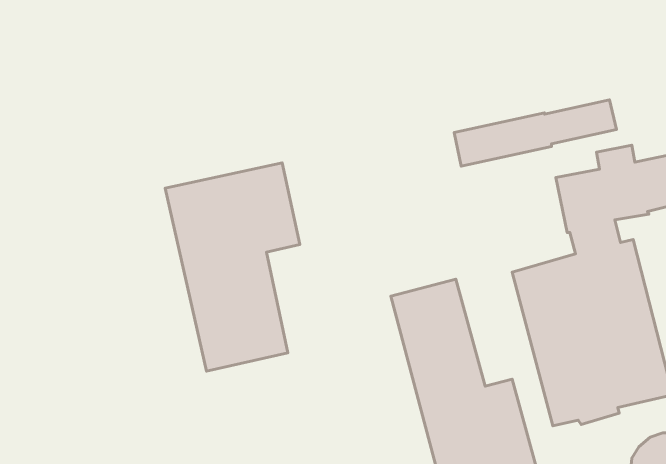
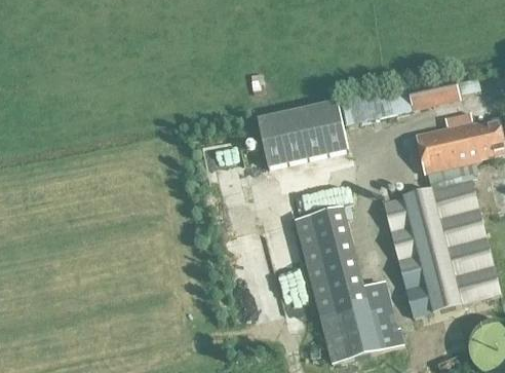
building: none -> [257,101,347,166]
building: [165,163,300,371] -> none

